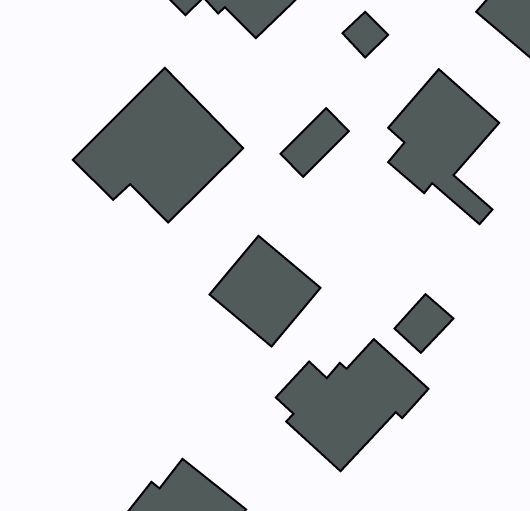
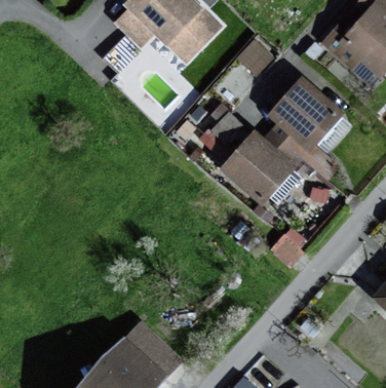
building: [73,68,243,222] -> none
building: [210,236,321,347] -> [222,133,292,203]
building: [276,339,428,471] -> none

